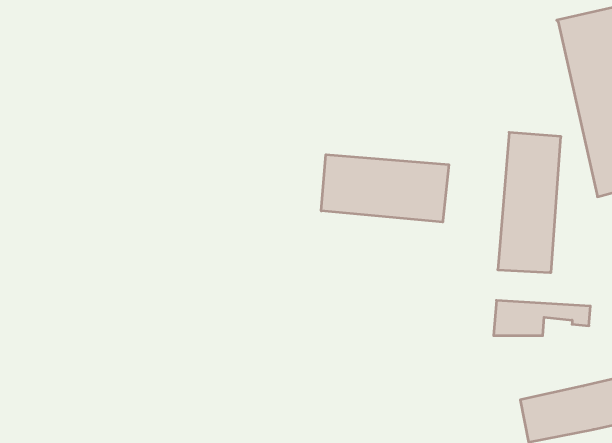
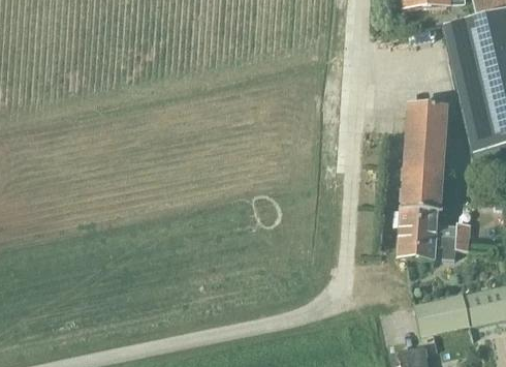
building: [321,155,449,222] -> none
building: none -> [400,207,470,234]

